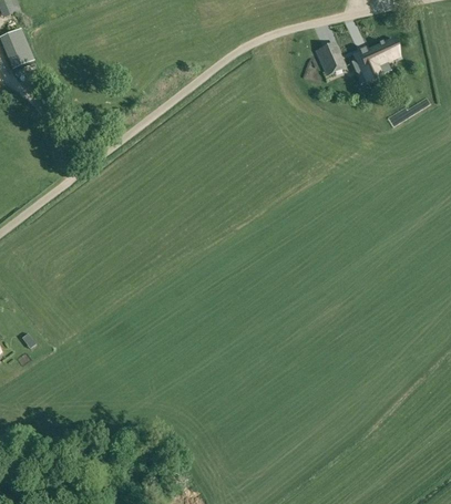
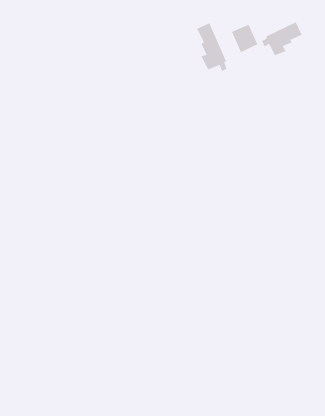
building: none -> [196,22,228,72]

